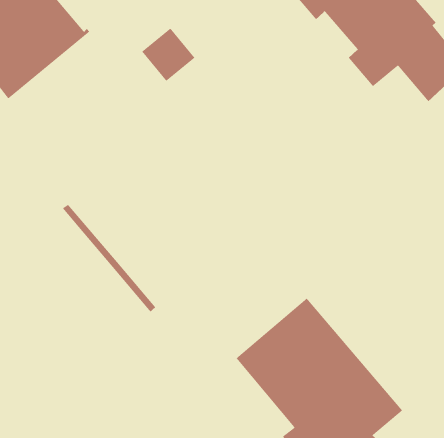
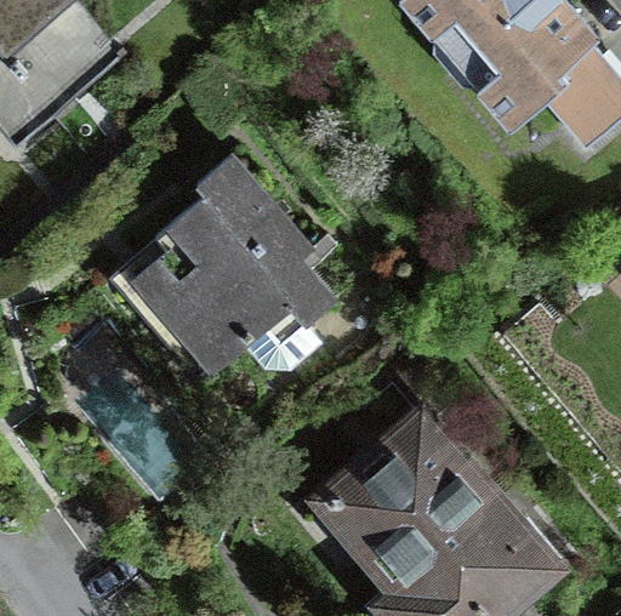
building: none -> [119,152,335,365]

